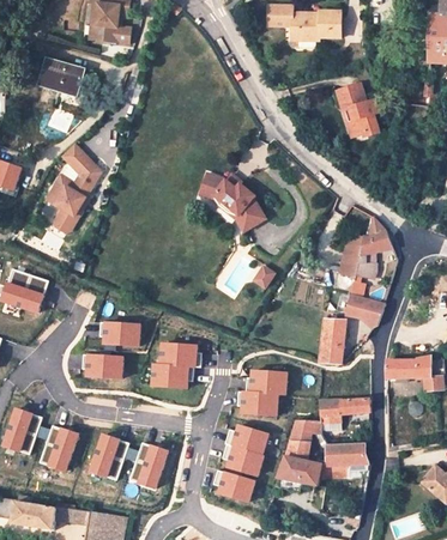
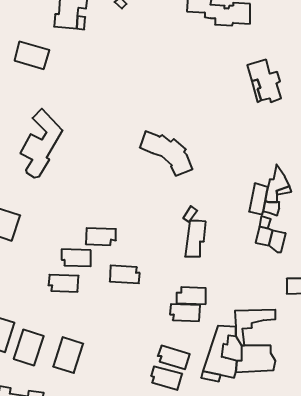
building: [319,318,345,364] -> [185,221,206,257]
building: [152,365,191,387] -> [86,228,116,245]
building: [224,426,266,455] -> none
building: [128,443,167,489] -> none

